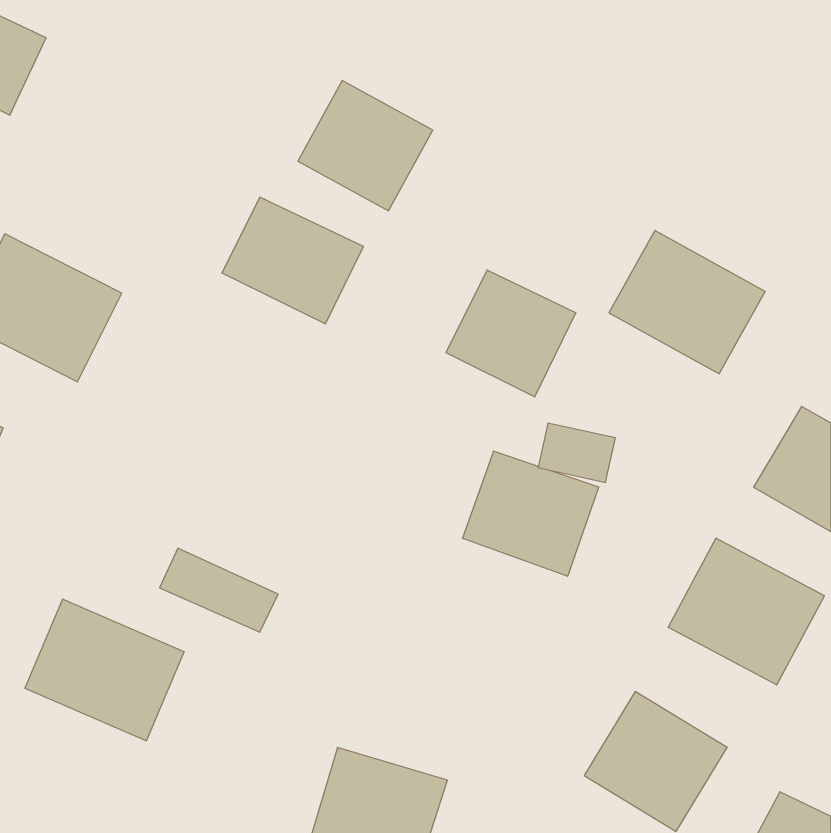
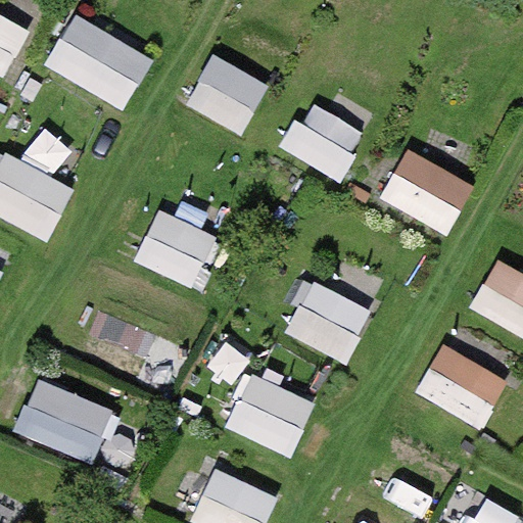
building: none -> [43,13,154,110]
building: [222,197,363,324] -> [132,213,220,292]
building: [446,270,576,397] -> [283,103,364,182]
building: none -> [225,371,316,454]

